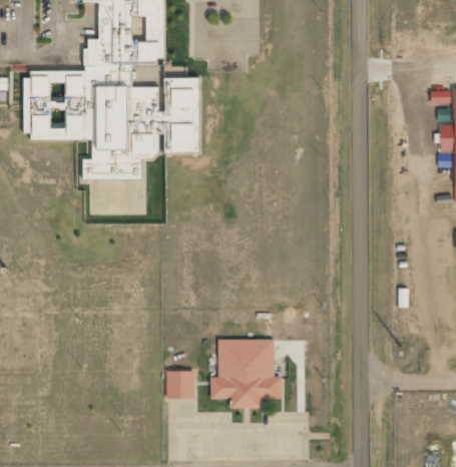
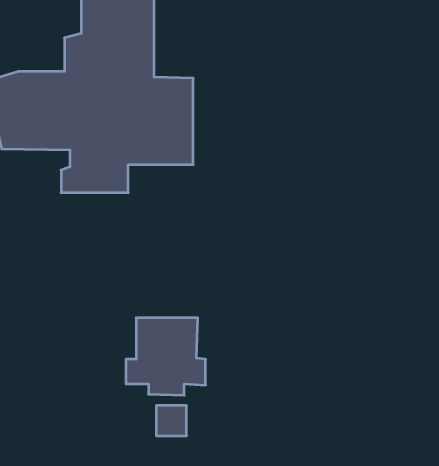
building: [210,338,282,407] -> [126,318,206,395]

